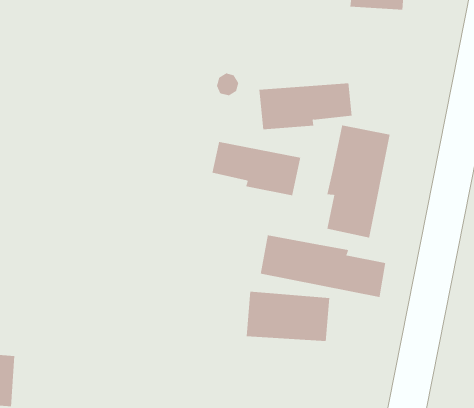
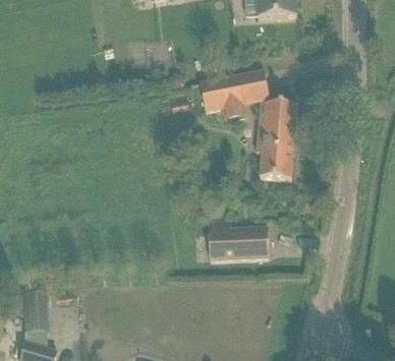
building: [212,141,301,196] -> none
building: [260,234,386,298] -> none

